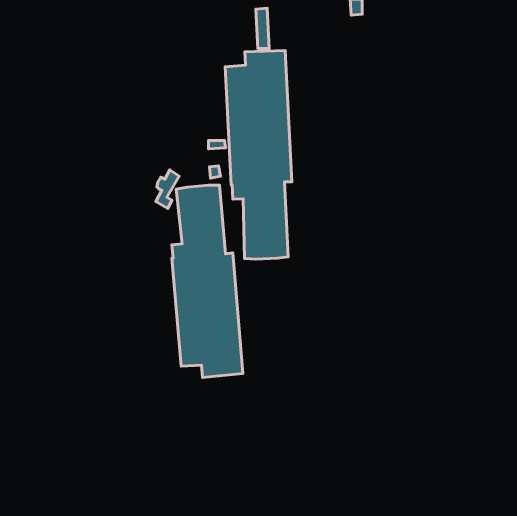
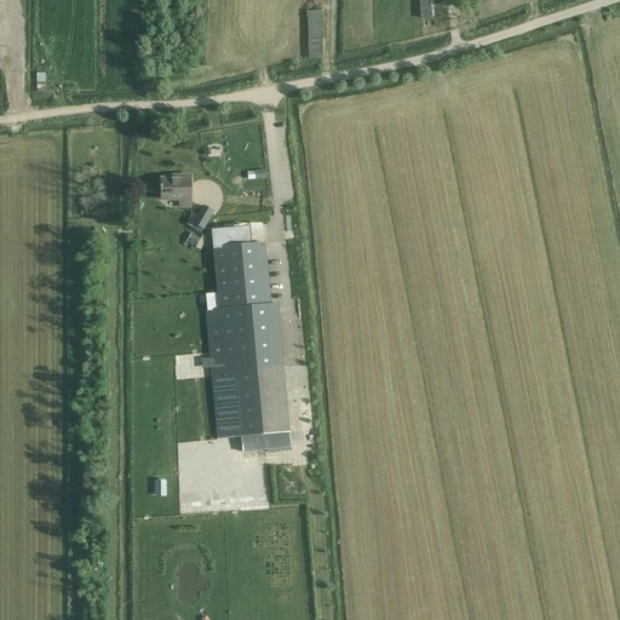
building: [225,51,292,259] -> none
building: none -> [159,176,191,206]

